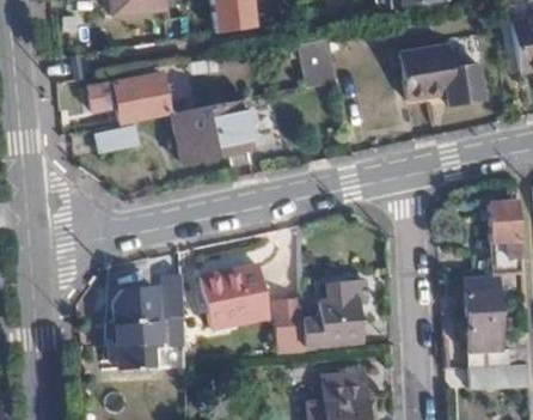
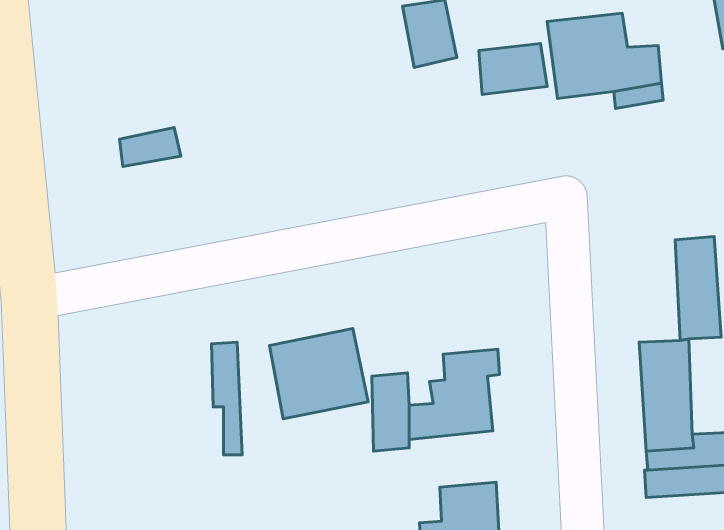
building: none -> [479,44,547,94]
building: [114,74,169,121] -> none
building: [173,98,253,162] -> none
building: [109,291,160,369] -> none

